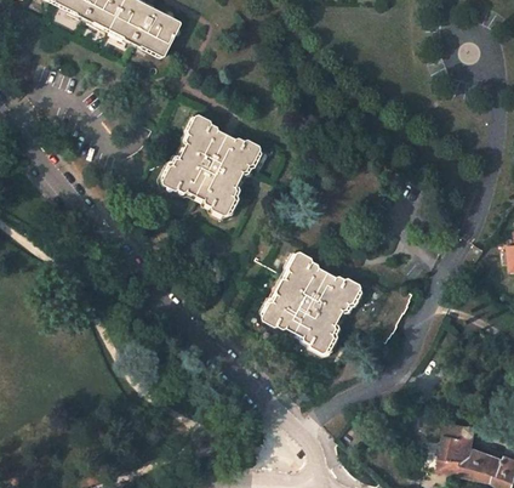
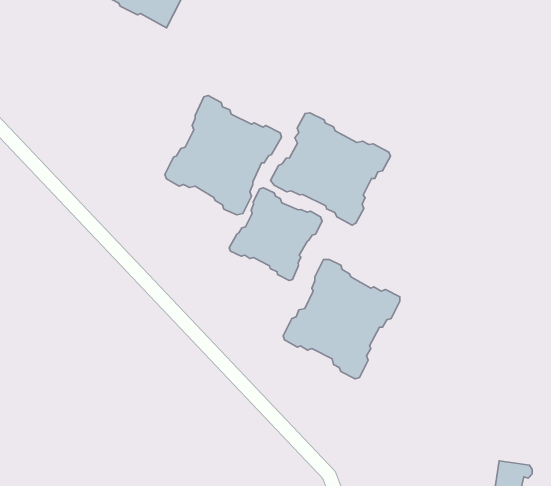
building: none -> [270,113,391,225]
building: none -> [229,188,322,280]

